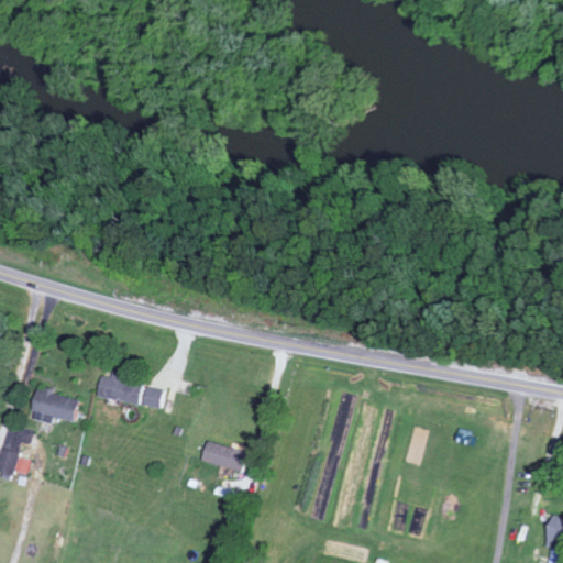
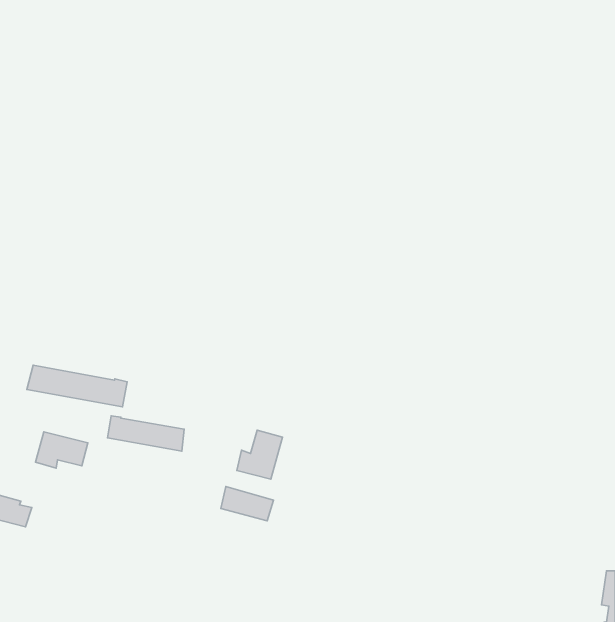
building: none -> [27,365,127,407]
building: none -> [237,430,283,479]

